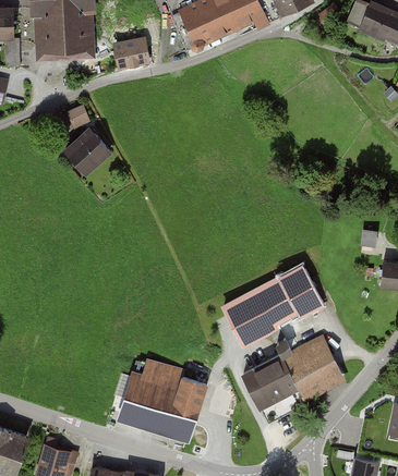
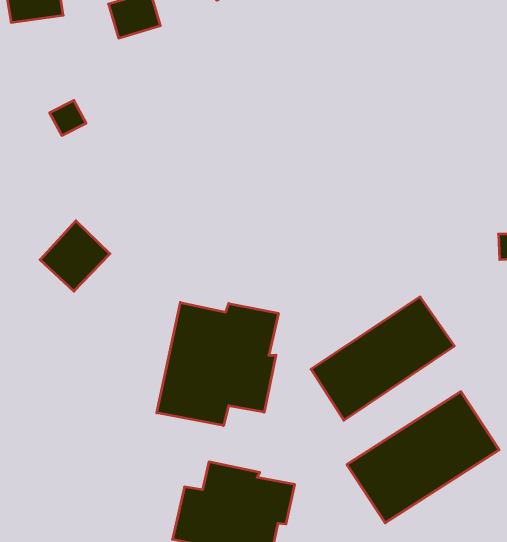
building: [63,127,111,175] -> [40,221,110,291]
building: none -> [157,302,278,426]

